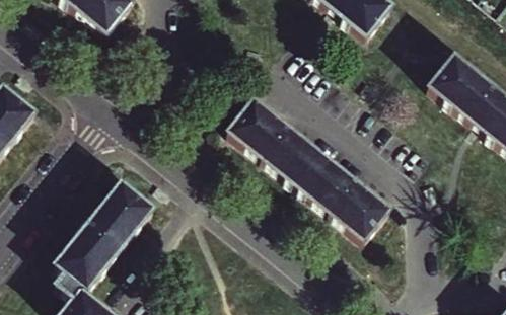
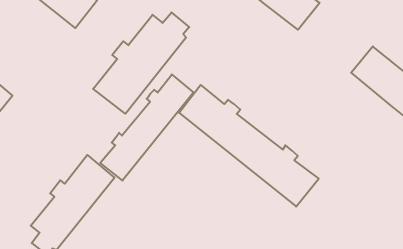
building: none -> [93,12,189,114]
building: none -> [100,74,194,181]

